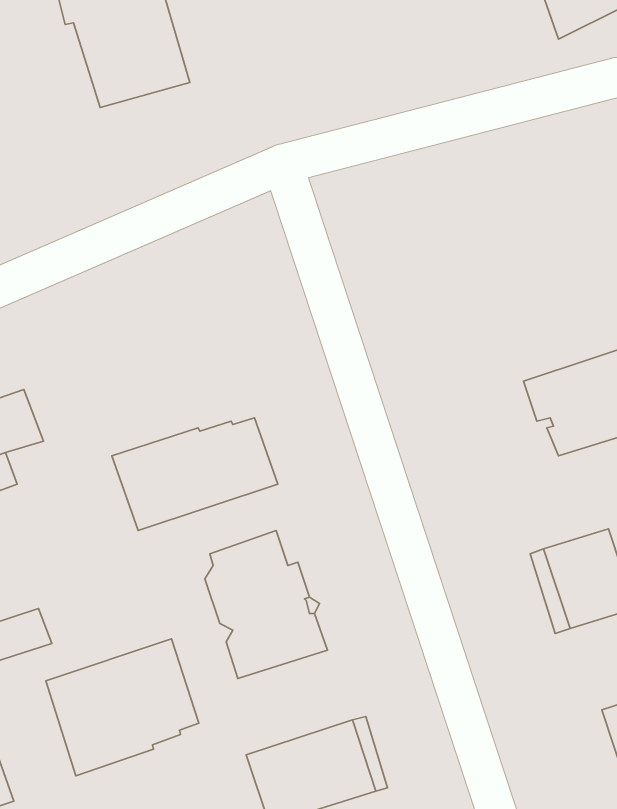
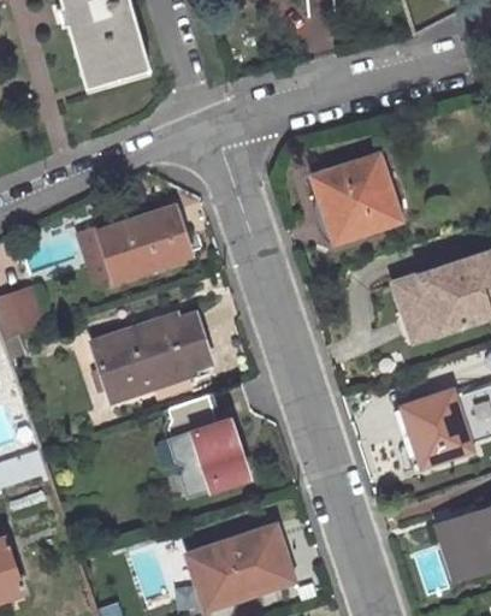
building: none -> [317,156,400,238]
building: none -> [89,211,177,280]
building: [46,639,199,776] -> none

